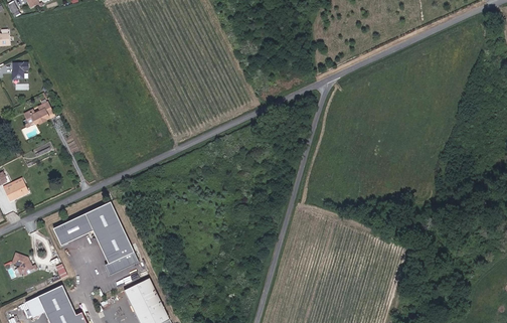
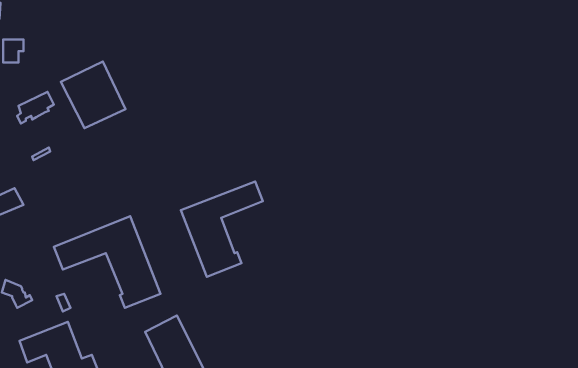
building: none -> [61,62,126,128]
building: none -> [181,182,263,277]

